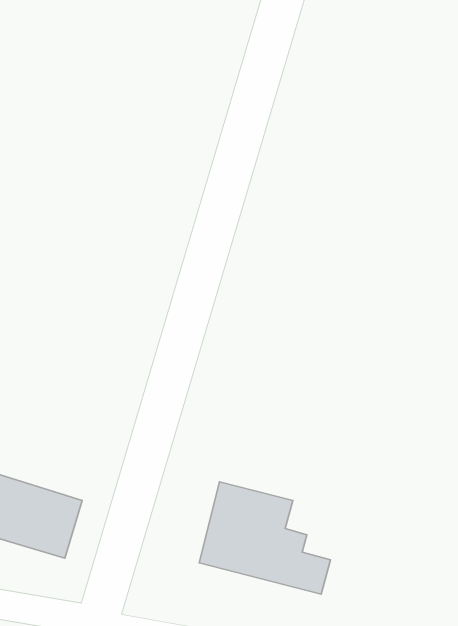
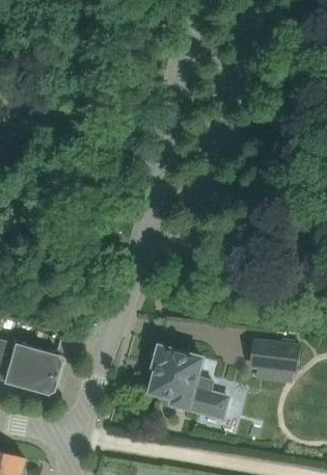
building: none -> [239,341,290,384]

